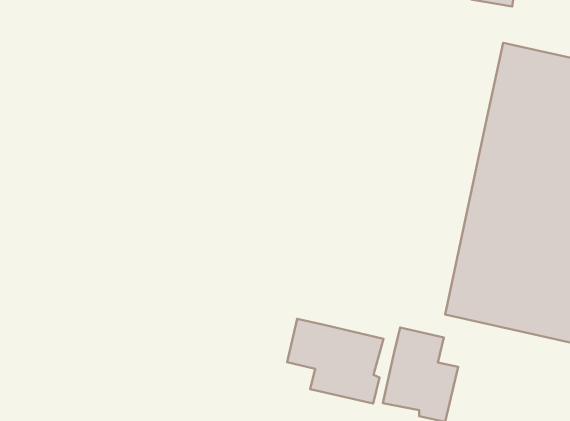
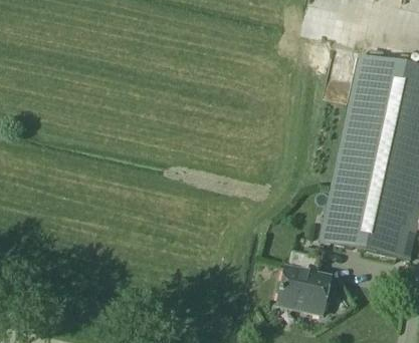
building: [287,319,383,404] -> none

